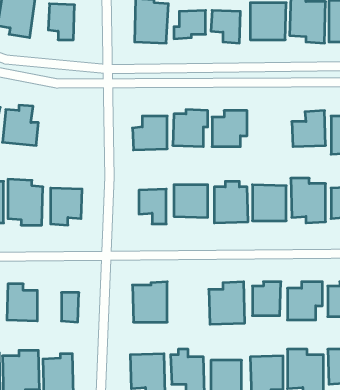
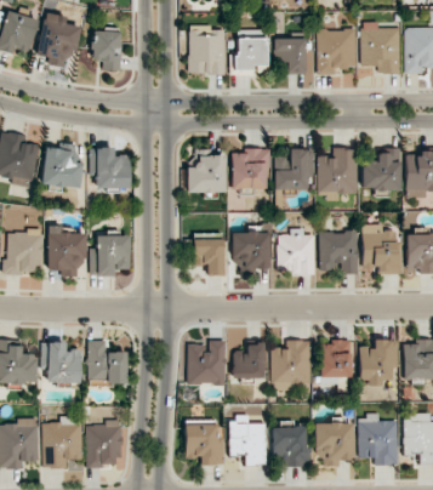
building: none -> [96,147,131,189]
building: none -> [318,149,359,193]
building: none -> [89,340,106,377]
building: none -> [233,343,264,378]

